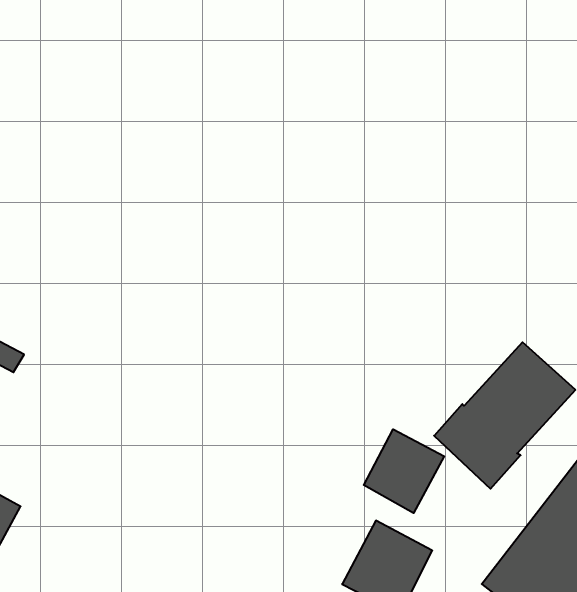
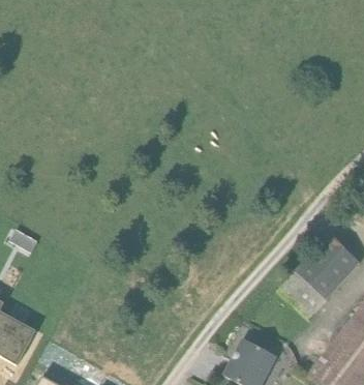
building: [364,429,444,513] -> none

